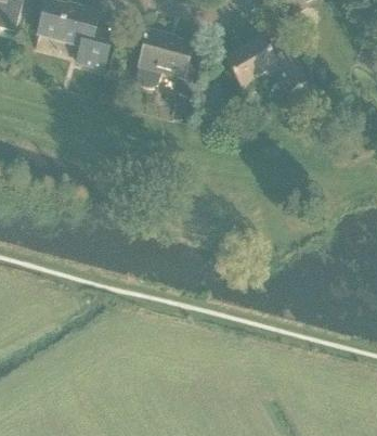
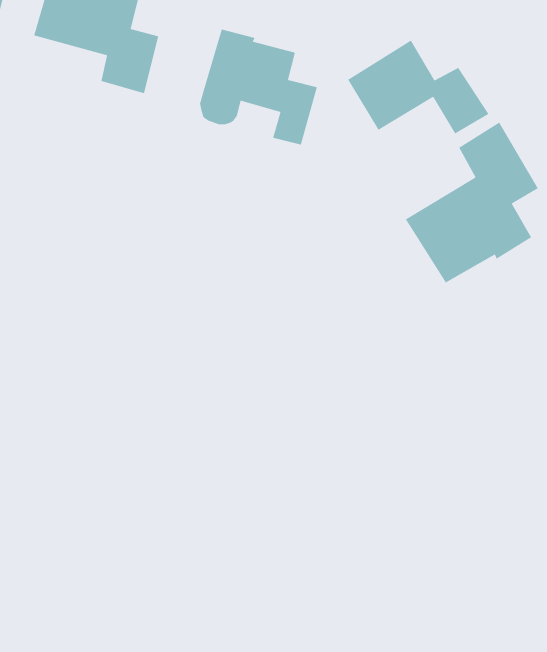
building: none -> [405,121,539,283]

